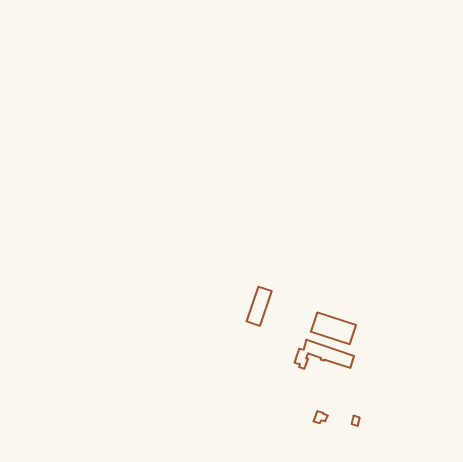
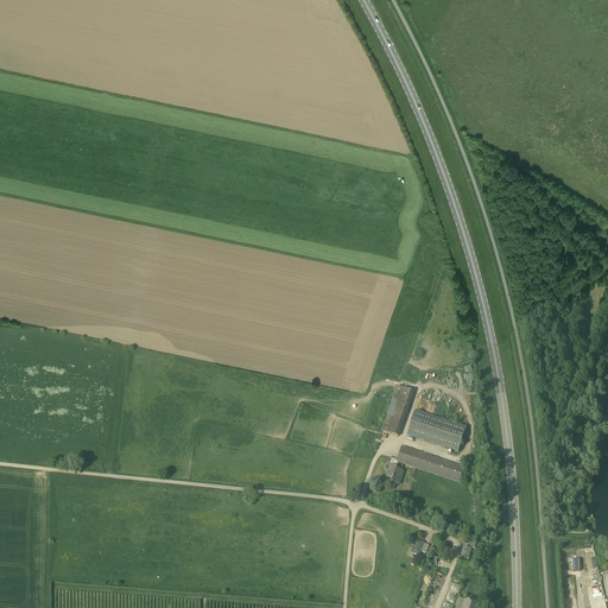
building: [246,287,272,326] -> [381,385,414,436]

